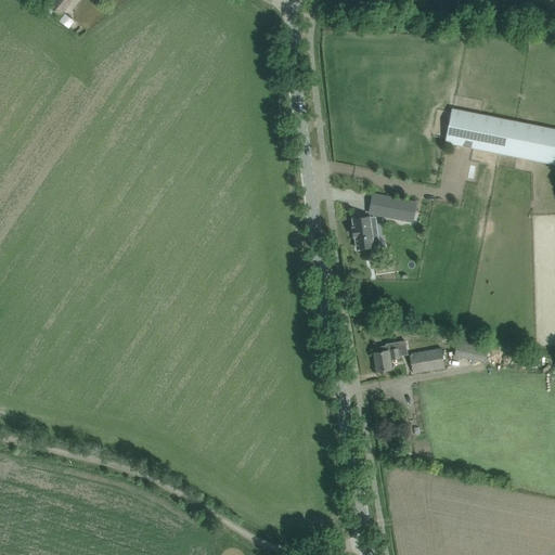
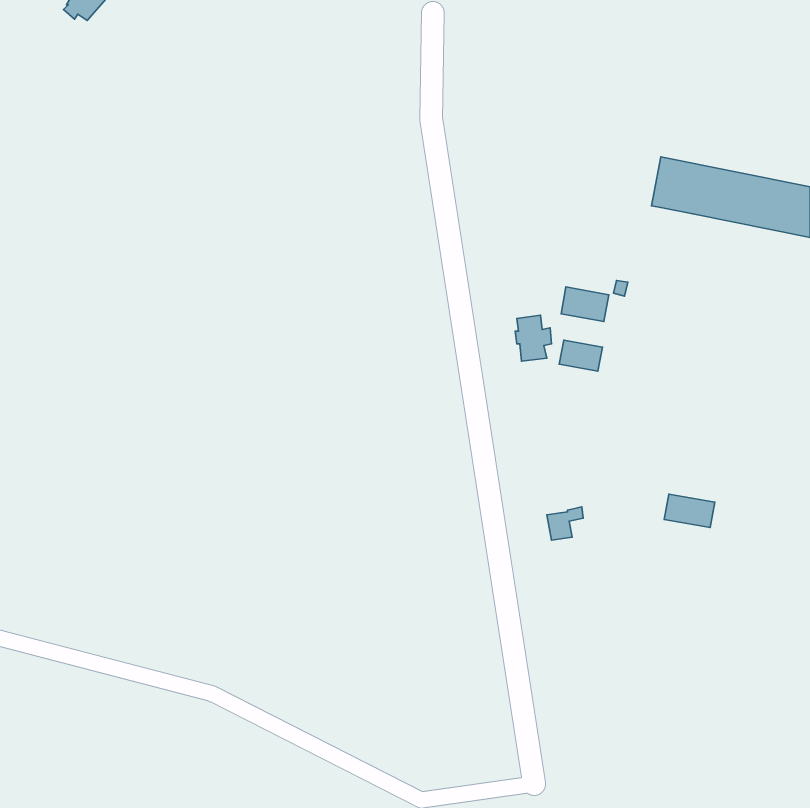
building: none -> [559,340,602,371]
building: [410,348,444,372] -> none

